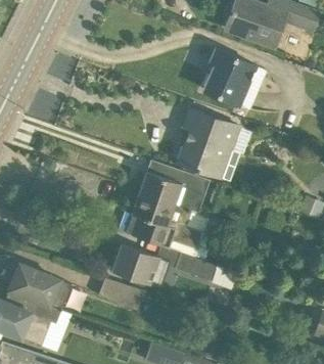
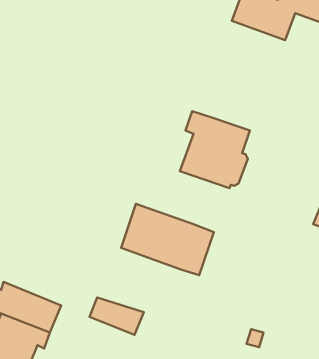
building: [203,49,253,105] -> none
building: [138,164,202,212] -> none
building: [111,242,169,287] -> none
building: [174,253,216,281] -> none

